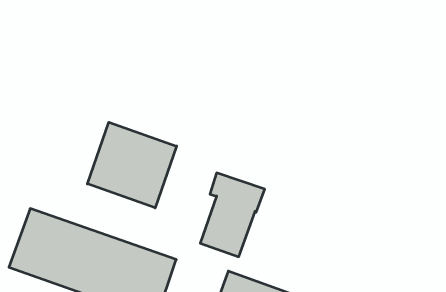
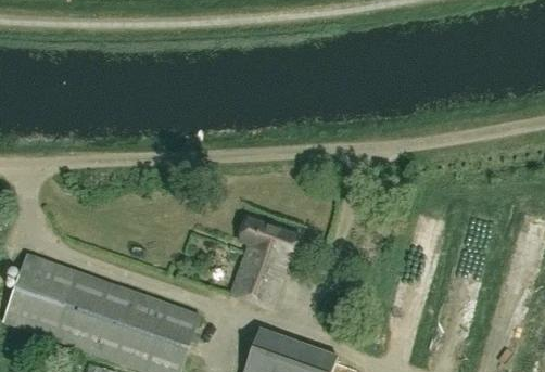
building: [87,122,177,208] -> none

